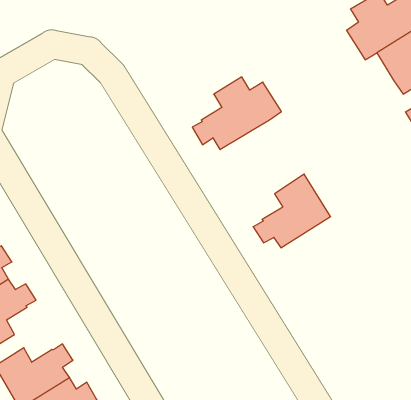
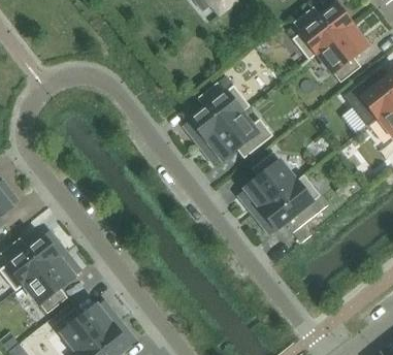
building: none -> [205,114,272,165]
building: none -> [260,175,327,244]

